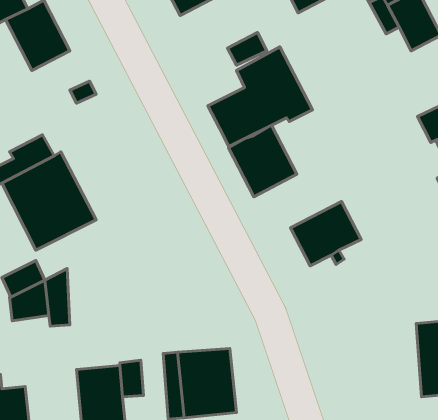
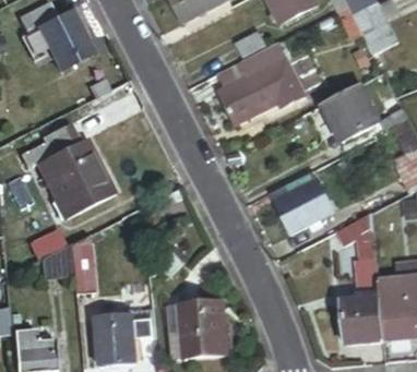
building: none -> [322,83,379,140]
building: [228,125,297,197] -> none
building: none -> [334,211,382,344]

